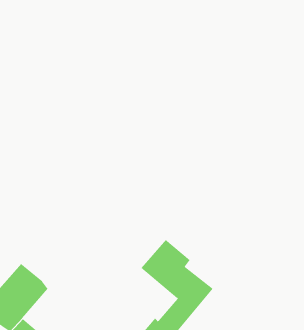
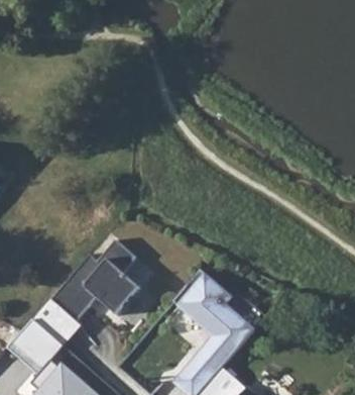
building: none -> [50,239,135,318]

